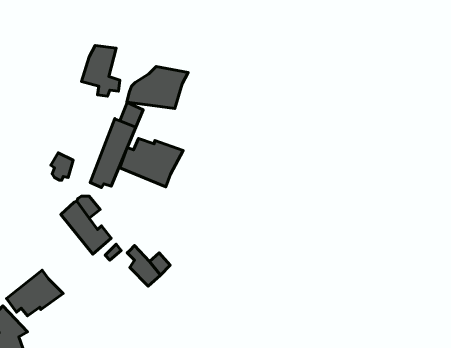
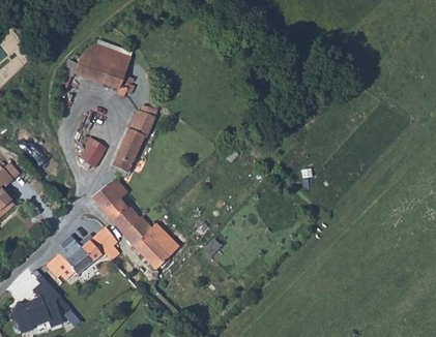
building: [127,66,188,108] -> [68,48,120,83]
building: [120,139,183,187] -> none
building: none -> [130,226,167,268]
building: none -> [81,232,116,261]

